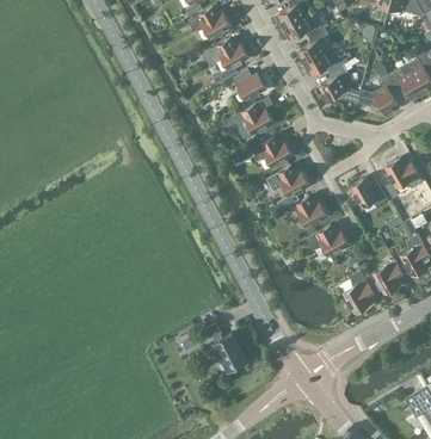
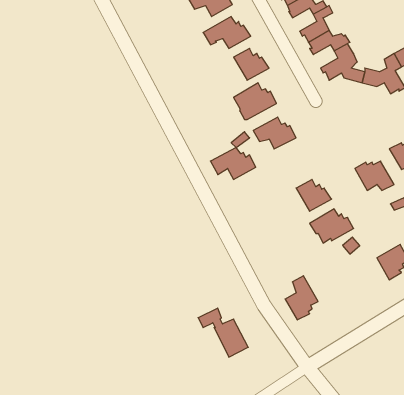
building: [266,166,310,197] -> [210,148,256,179]
building: [343,270,375,313] -> [285,276,318,320]

